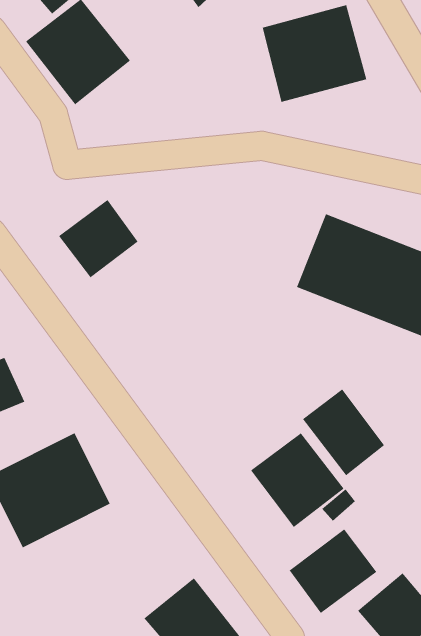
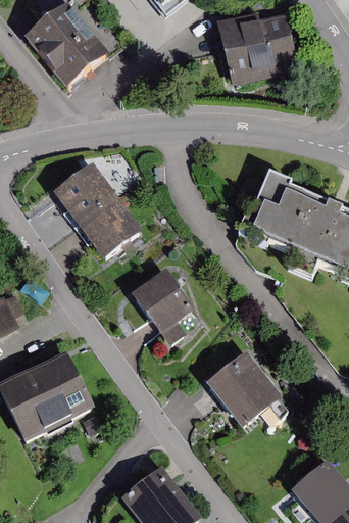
building: none -> [78,195,142,258]
building: none -> [131,268,194,343]
building: [302,388,385,476] -> none
building: [289,528,377,614] -> none

